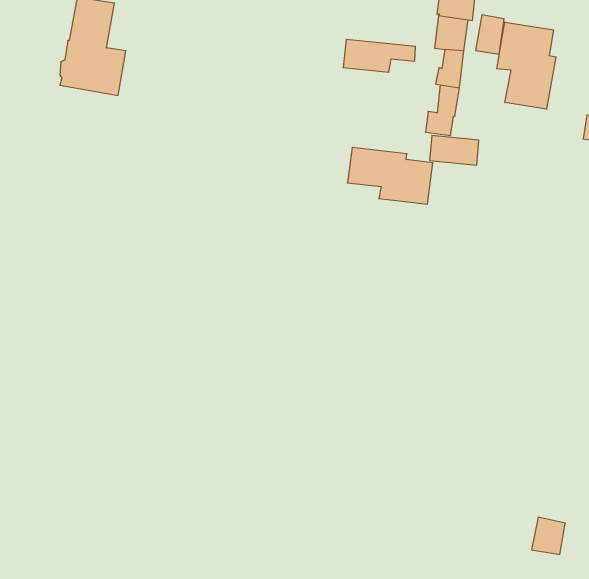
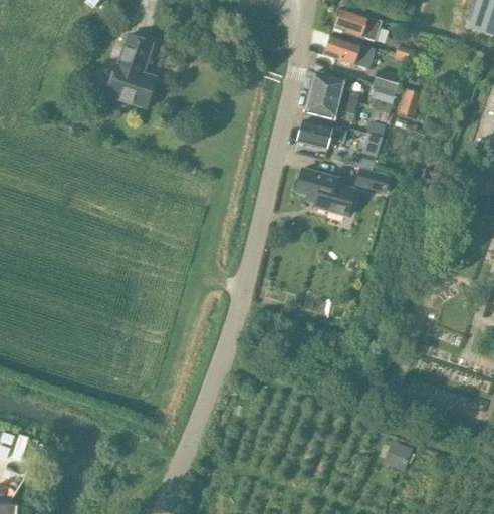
building: none -> [309,71,359,105]
building: [497,22,556,109] -> none
building: none -> [297,119,346,149]

